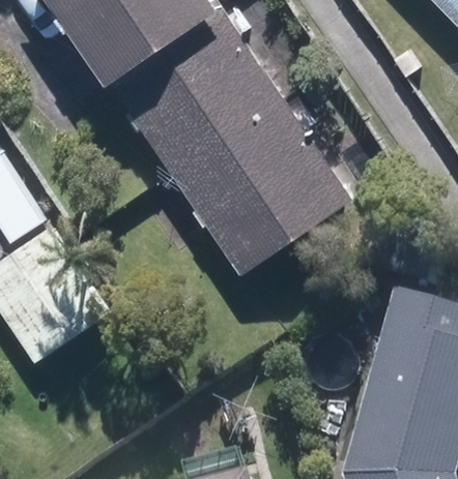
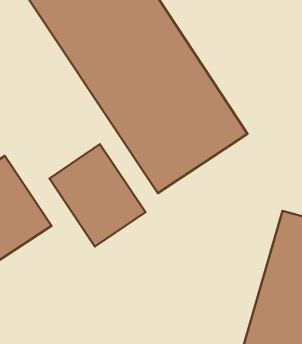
building: none -> [49,144,145,247]

